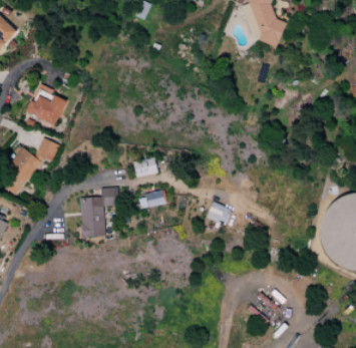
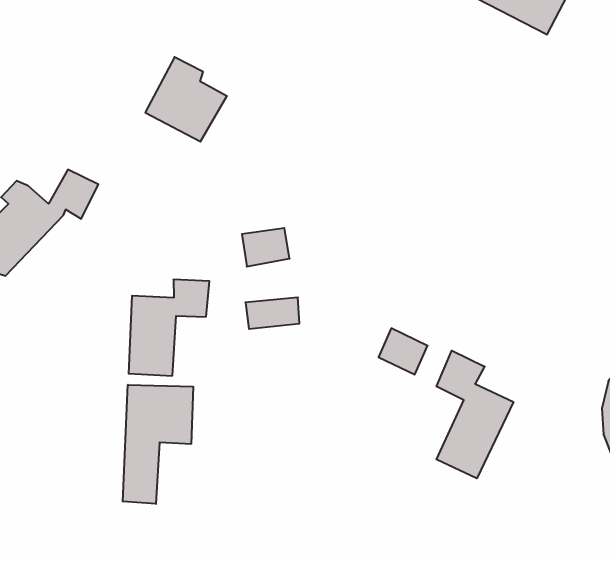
building: [26,83,66,124] -> [145,57,227,142]
building: none -> [436,351,513,478]
building: none -> [123,385,193,504]

